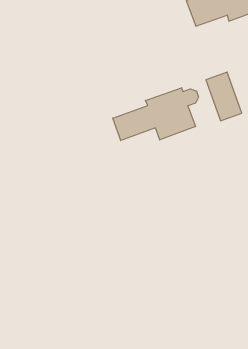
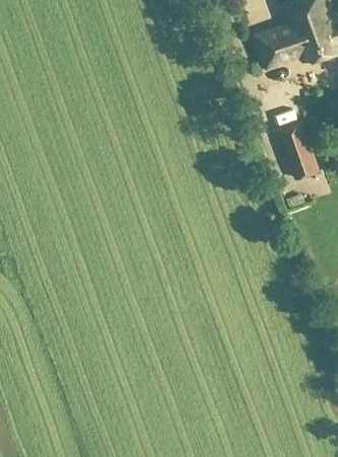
building: [113,88,199,141] -> none

